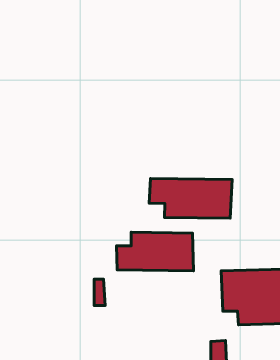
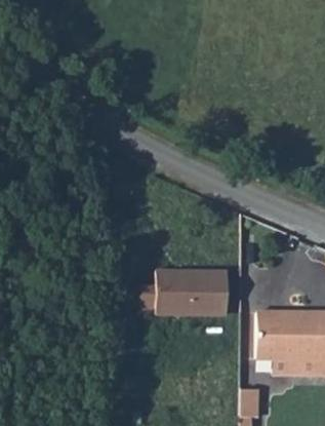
building: [149,179,232,218] -> none

